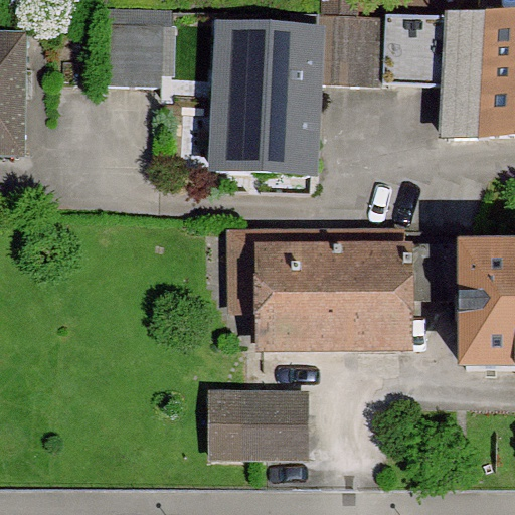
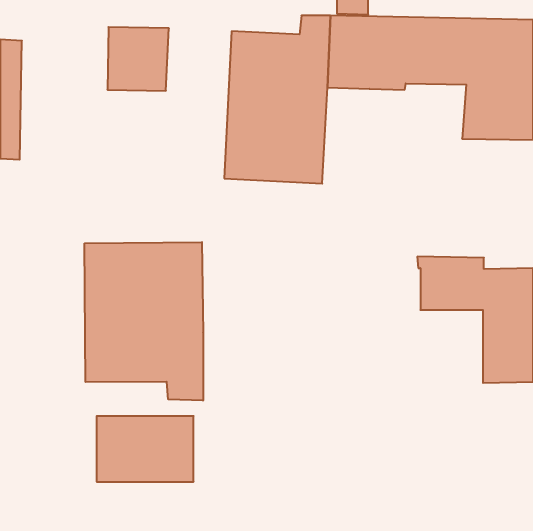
building: [231,233,406,346] -> none
building: none -> [85,242,203,401]
building: [212,395,306,459] -> [97,416,194,482]

